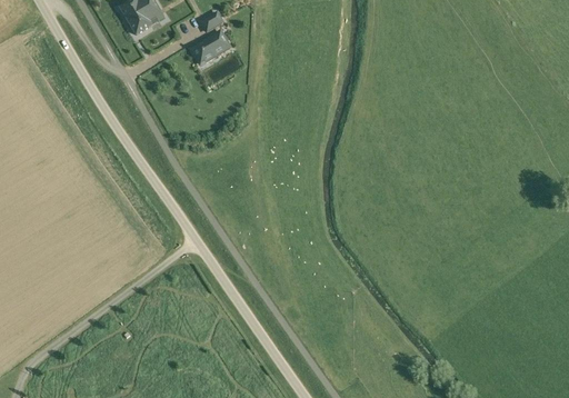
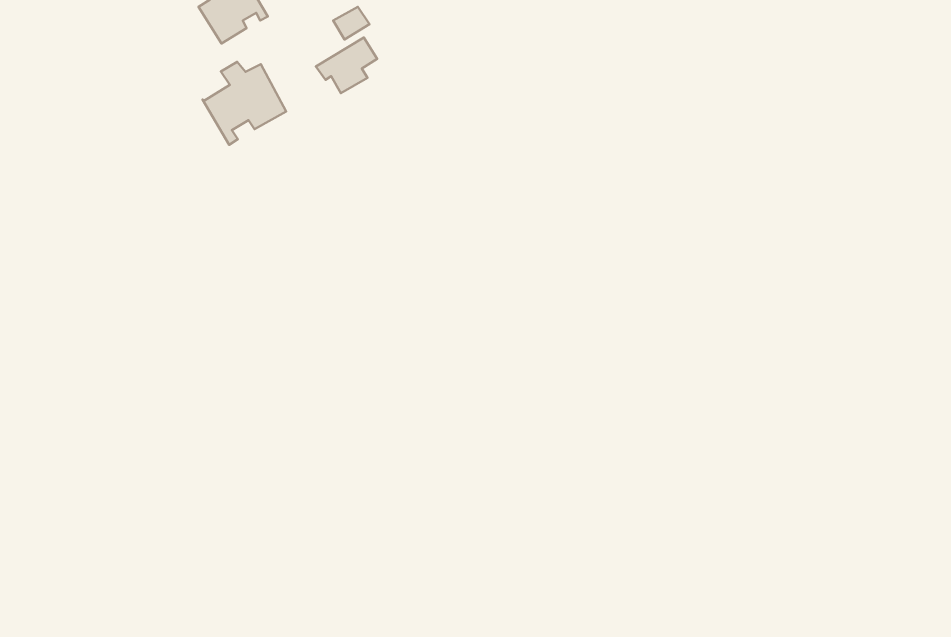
building: none -> [202,62,286,145]

